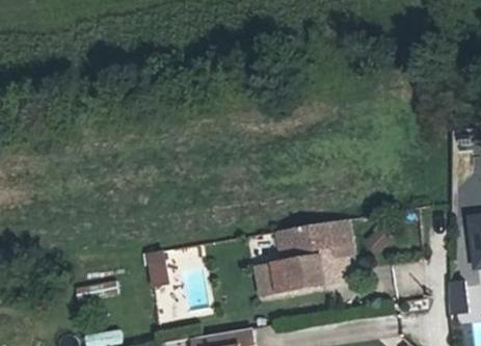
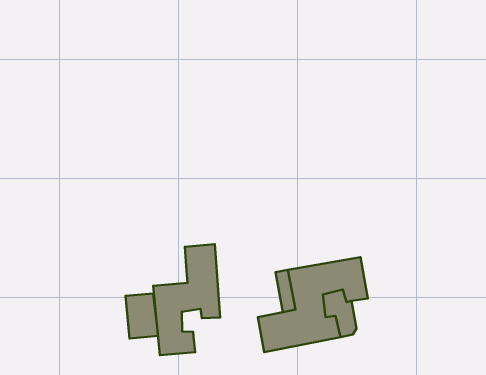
building: none -> [153,244,220,355]

